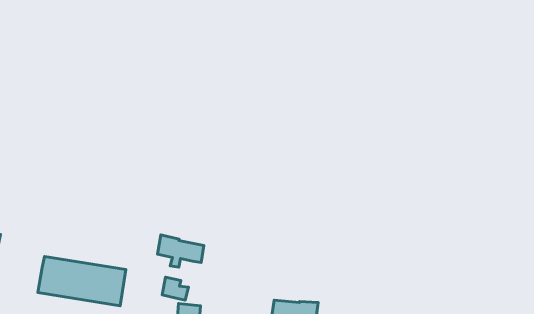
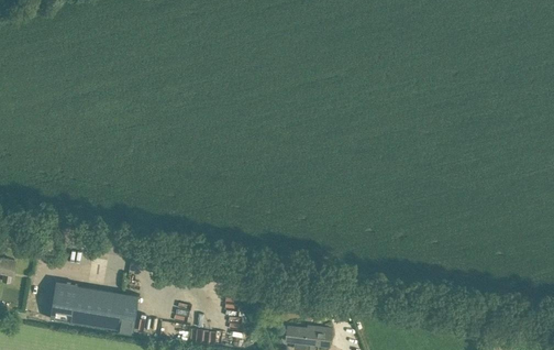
building: [157,235,204,267] -> none

